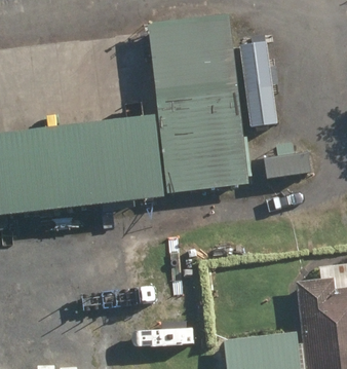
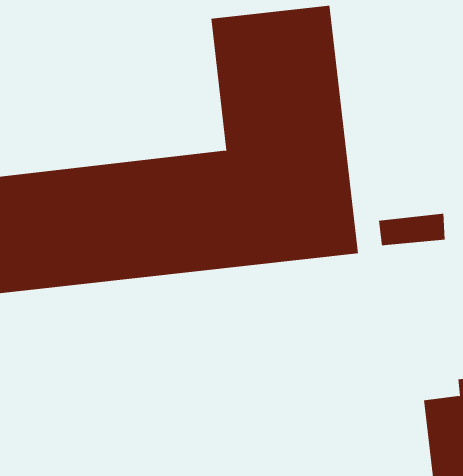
building: [238,40,277,124] -> none

